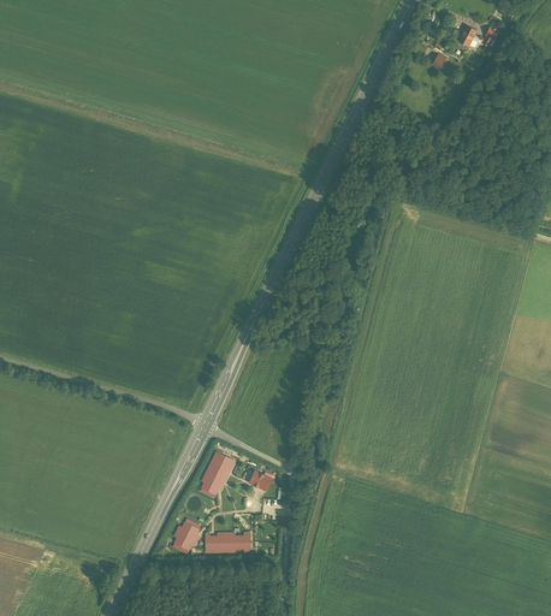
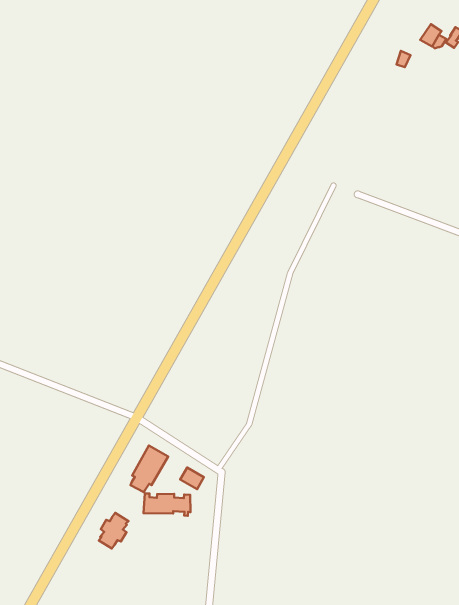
building: [205,532,250,552] -> [144,493,191,516]

